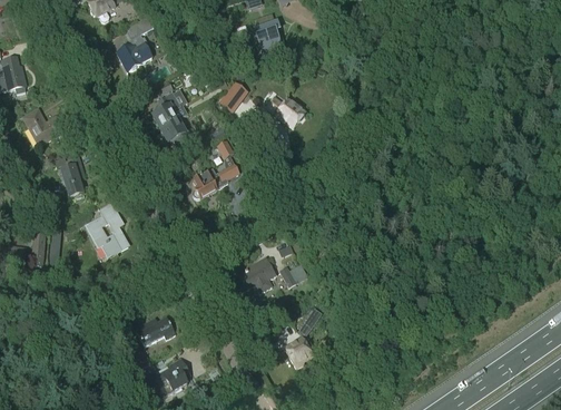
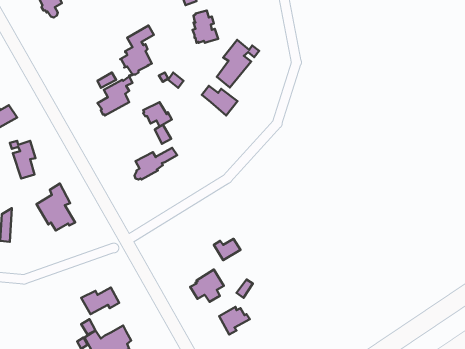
building: [116,16,152,71] -> [120,26,154,77]
building: none -> [217,40,259,87]
building: [159,119,190,146] -> [143,102,172,127]
building: [238,256,275,292] -> [190,269,224,302]

